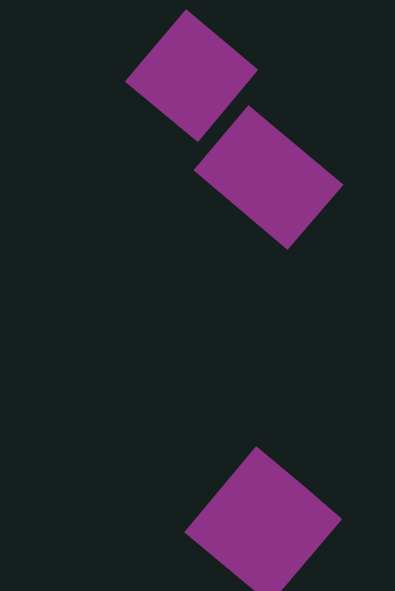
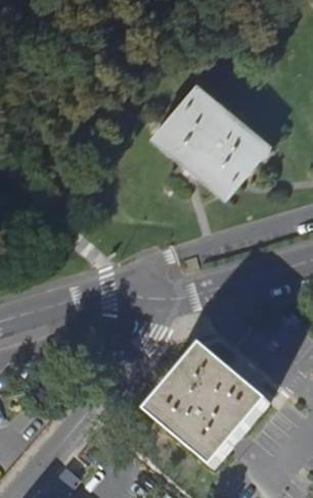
building: [124,8,259,143] -> none

